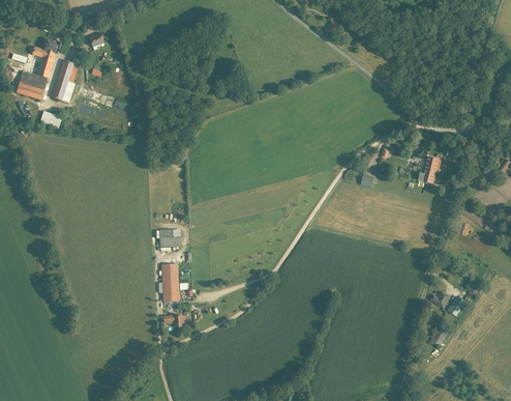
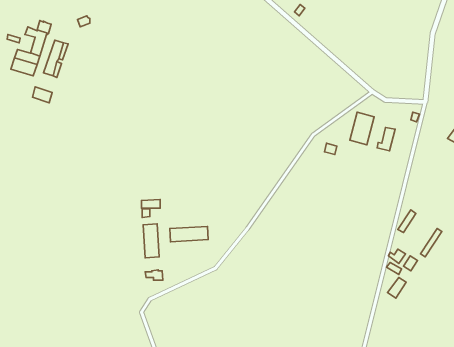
building: none -> [350,112,374,145]
building: none -> [170,226,208,242]

